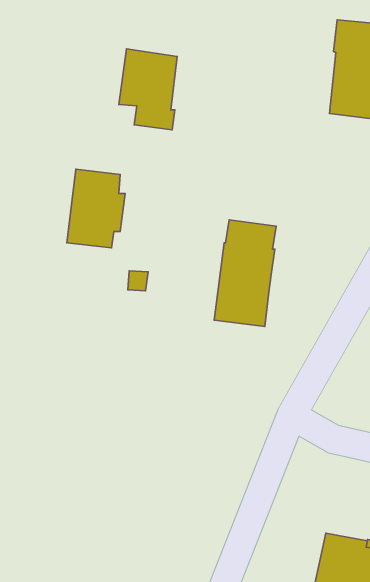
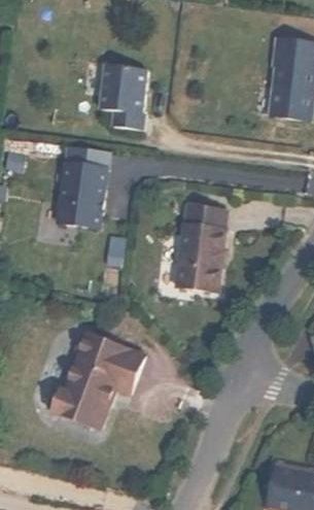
building: none -> [50,330,146,426]

